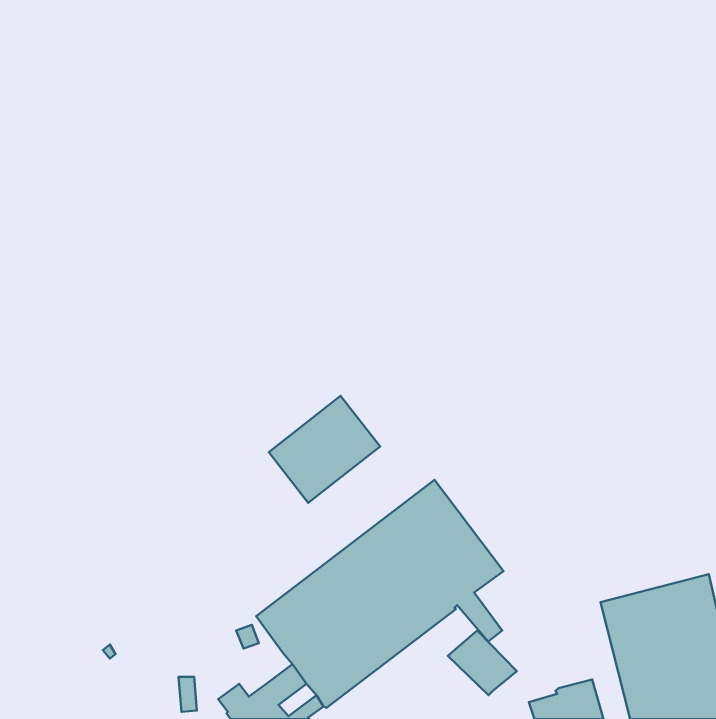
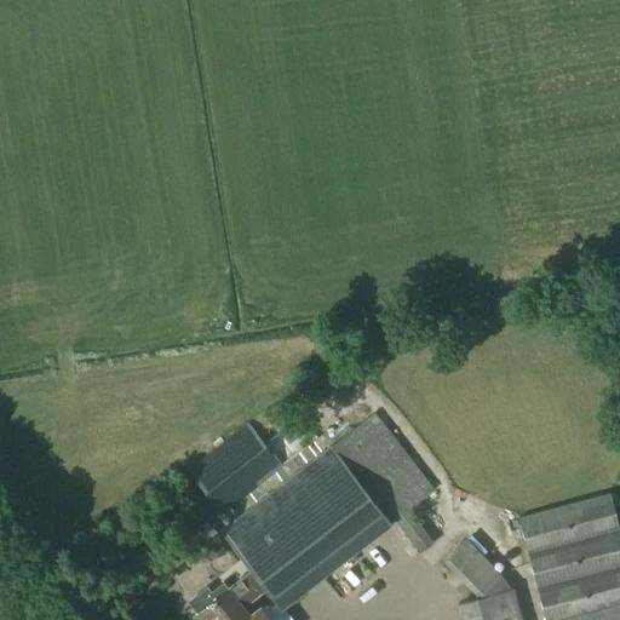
building: [269,396,380,503] -> [189,424,285,516]
building: [448,630,517,695] -> [444,540,504,596]

